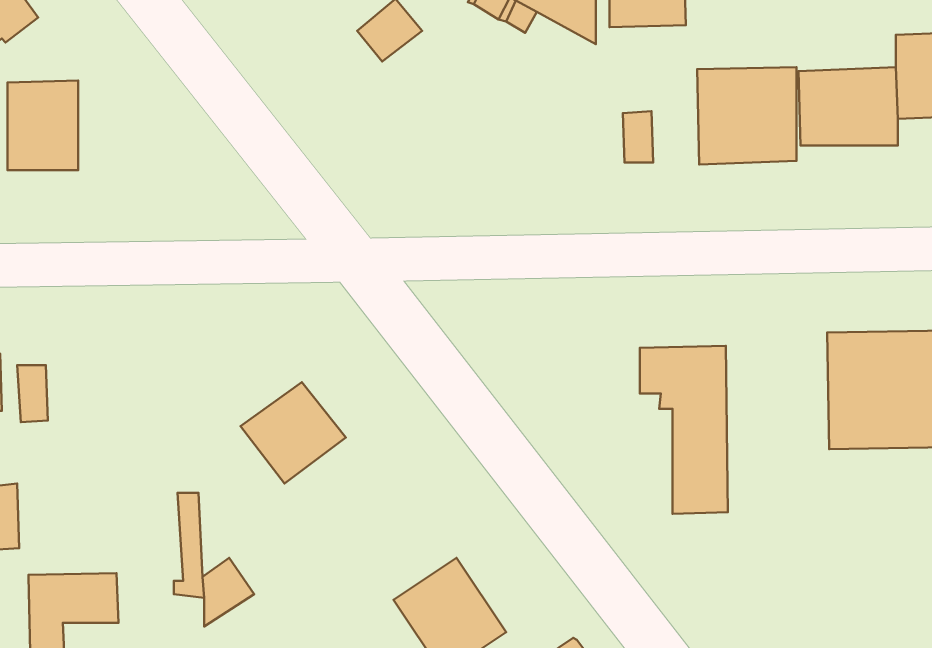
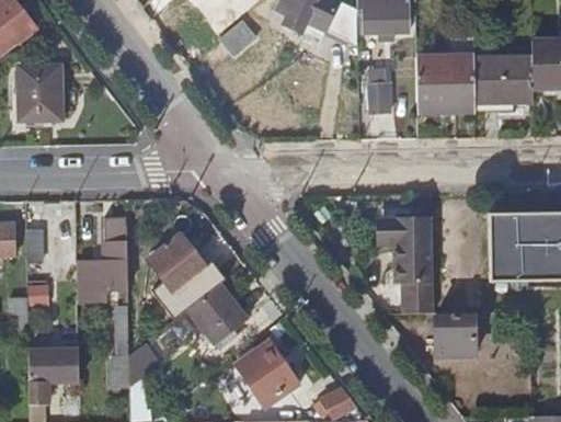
building: none -> [78,217,128,304]
building: none -> [191,285,250,344]
building: none -> [424,313,481,358]

